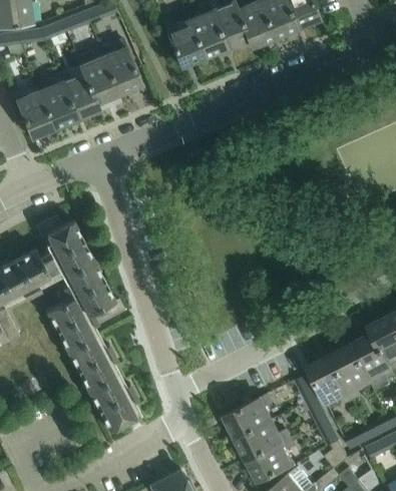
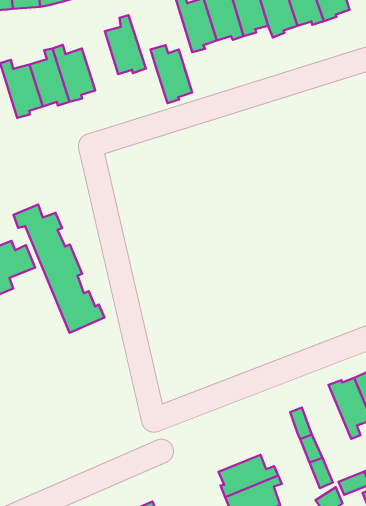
building: [77,54,117,105] -> [150,45,192,103]
building: [45,287,137,432] -> none
building: [308,354,351,404] -> none
building: [222,395,272,439] -> none

